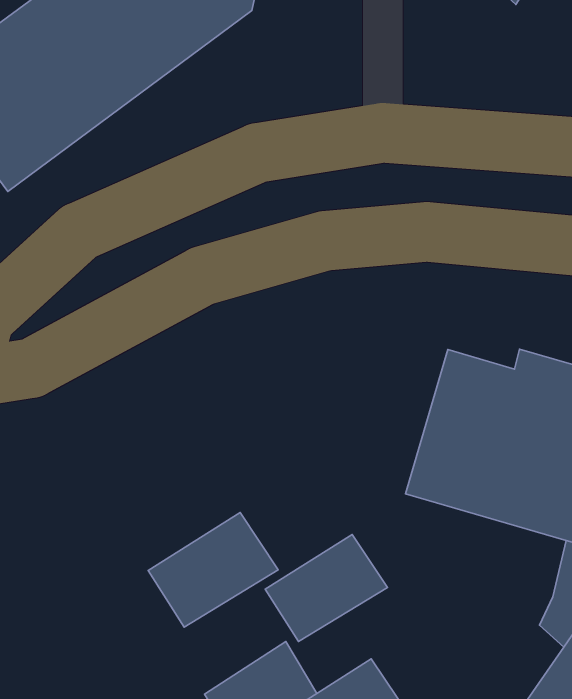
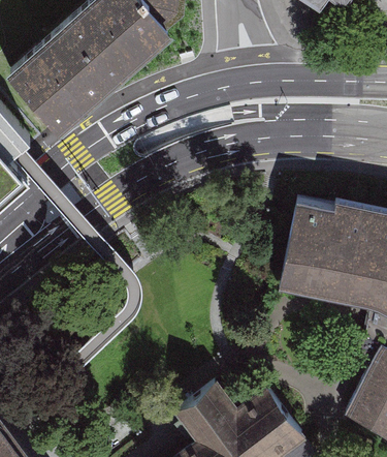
building: [148,513,278,627] -> none
building: [265,534,387,642] -> none

